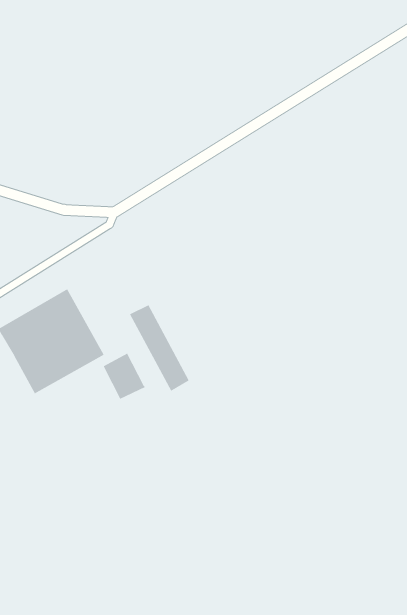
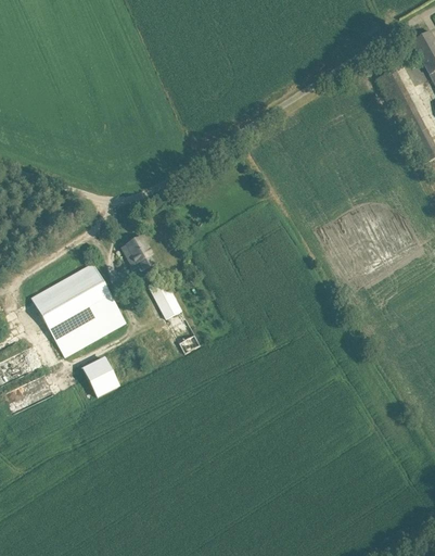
building: none -> [121,236,154,271]
building: [103,353,146,399] -> [84,356,121,397]

